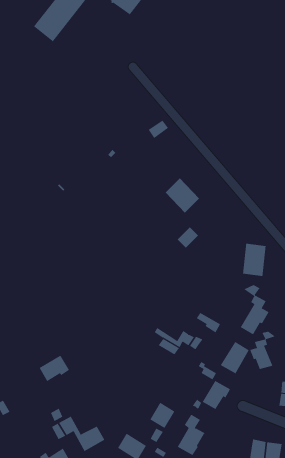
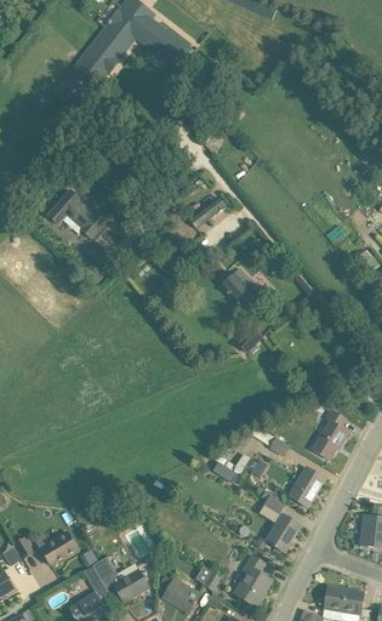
building: none -> [45,189,106,238]
building: [242,243,266,277] -> none
building: [249,331,276,370] -> none
building: [39,355,70,382] -> [40,531,78,564]
building: [149,402,175,429] -> none

